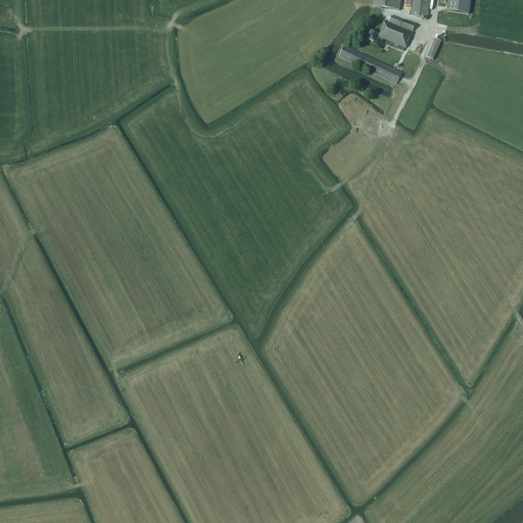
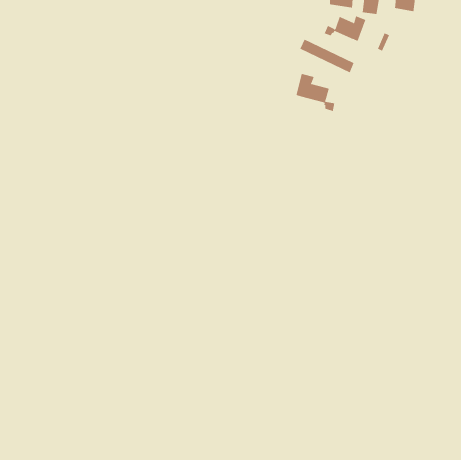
building: none -> [296,73,335,112]

